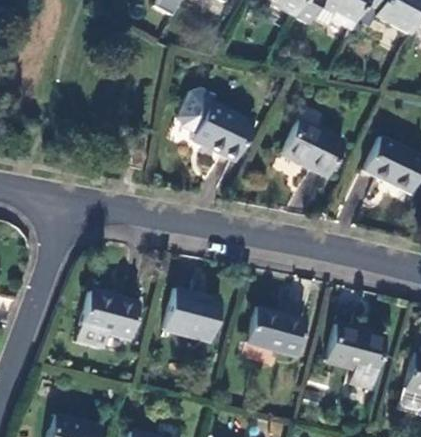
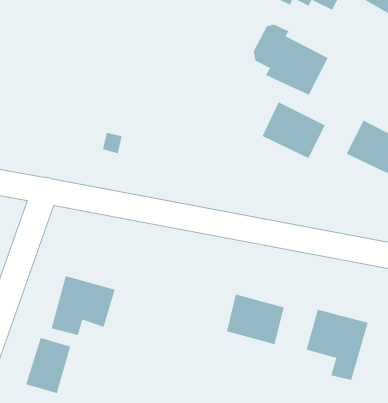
building: [179,90,253,160] -> [253,24,329,96]
building: [163,288,220,341] -> none
building: none -> [26,337,71,394]

